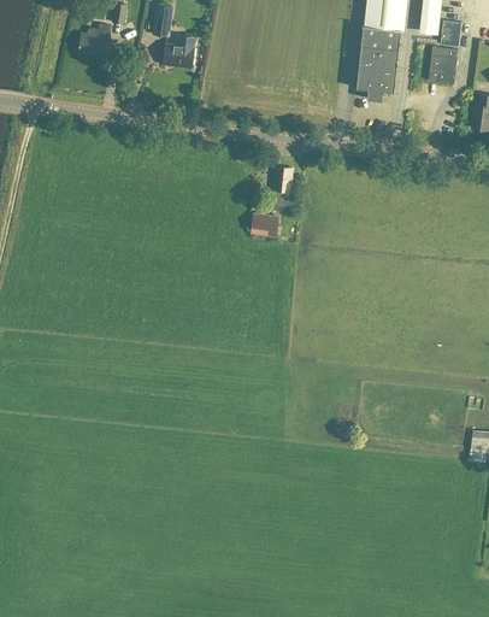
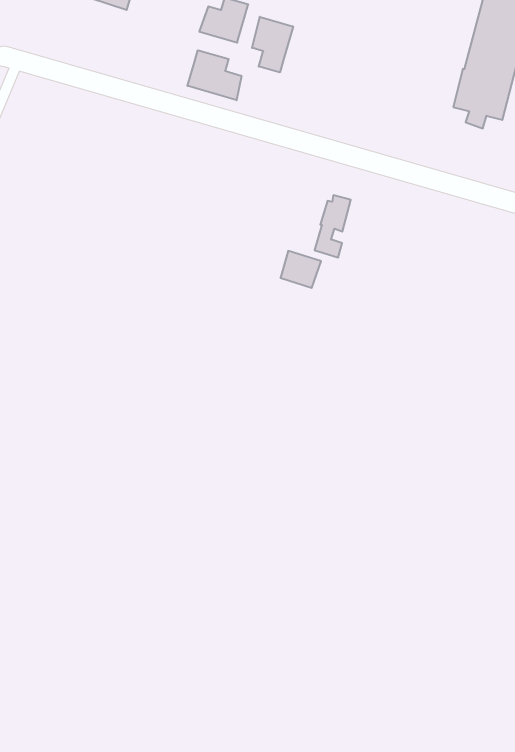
building: none -> [252,17,293,72]
building: none -> [187,50,241,100]

